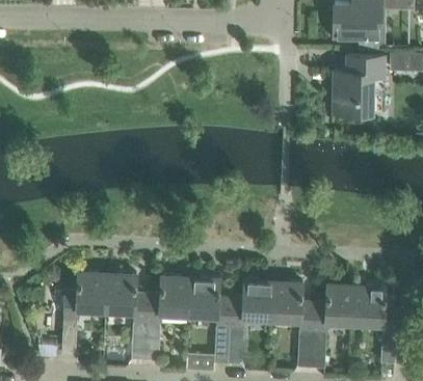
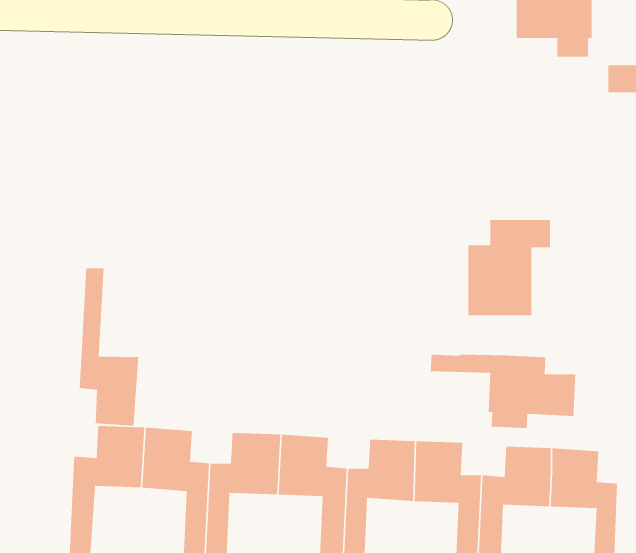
building: [333,54,384,113] -> [468,219,551,316]
building: none -> [79,268,139,427]
building: none -> [430,354,576,429]

